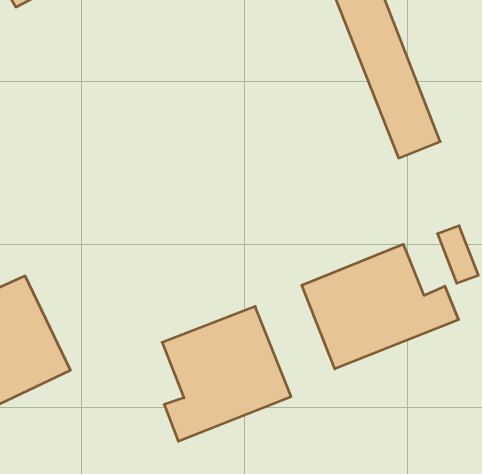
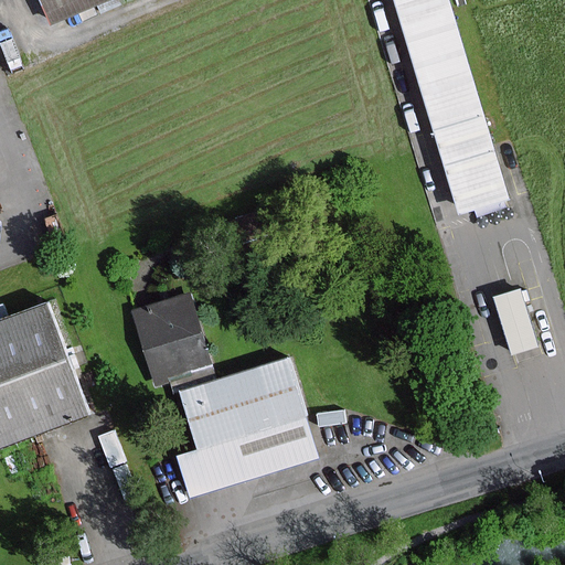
building: [302,244,459,369] -> none
building: none -> [135,295,210,381]

